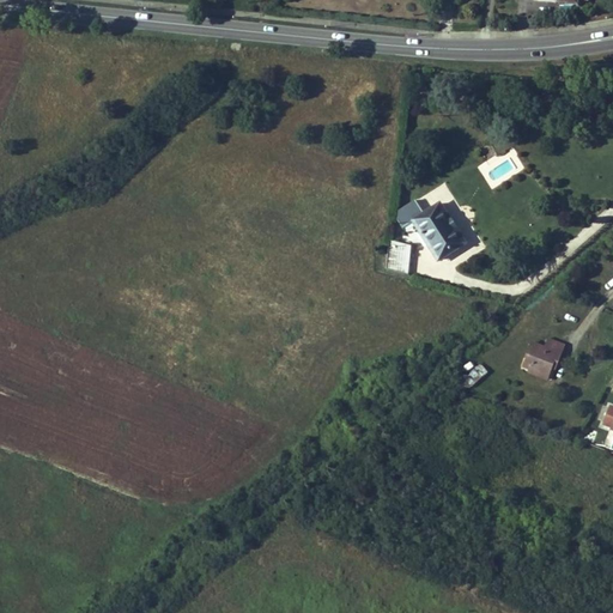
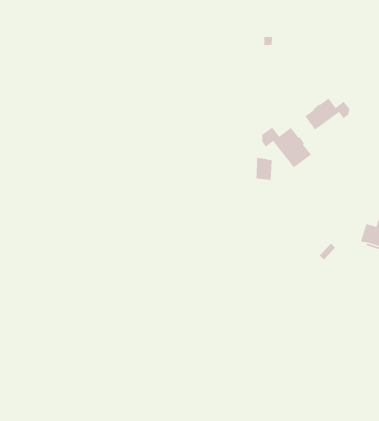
building: none -> [304,98,350,130]

